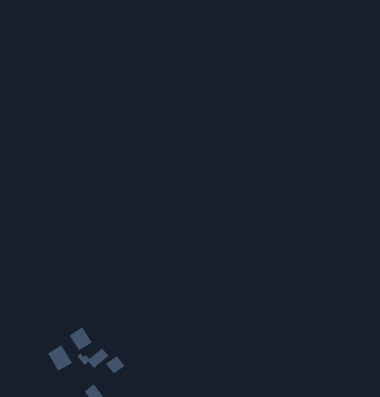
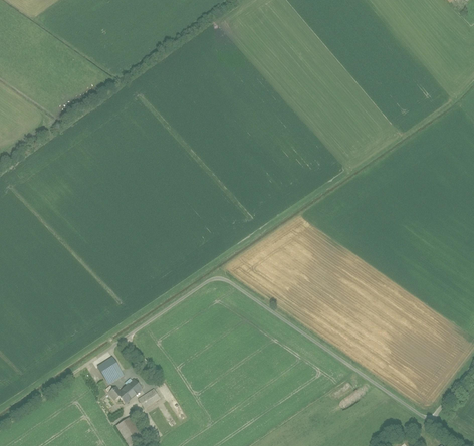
building: [47,344,73,372] -> none

